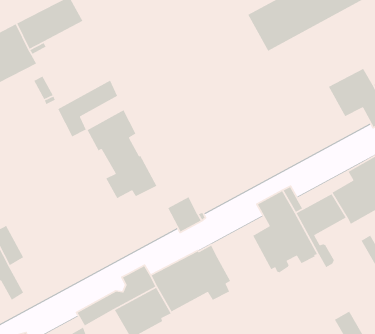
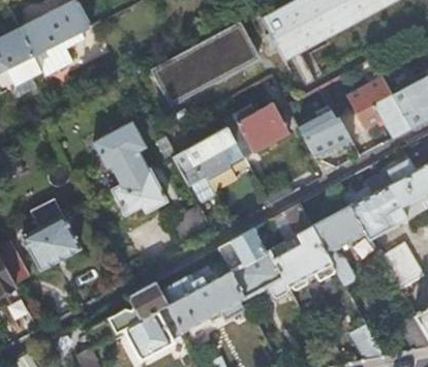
building: none -> [152,24,257,102]
building: [57,79,118,138] -> [173,126,237,187]
building: none -> [234,102,289,152]
building: none -> [298,103,353,162]
building: none -> [22,198,80,269]
building: none -> [217,228,287,299]

